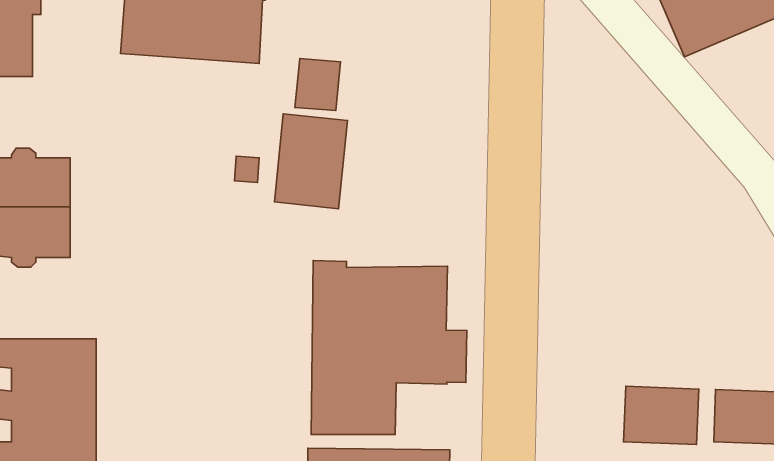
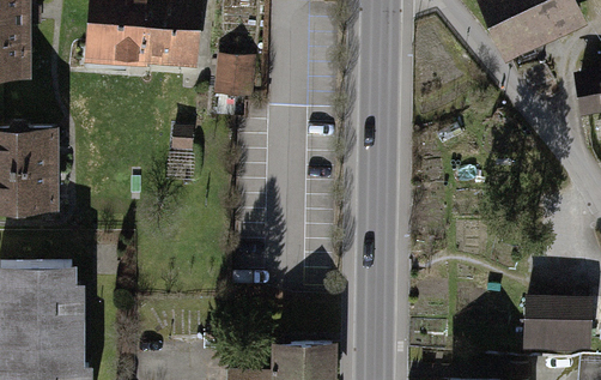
building: [274,114,347,209] -> none
building: [311,261,467,435] -> none
building: [623,386,699,444] -> none

